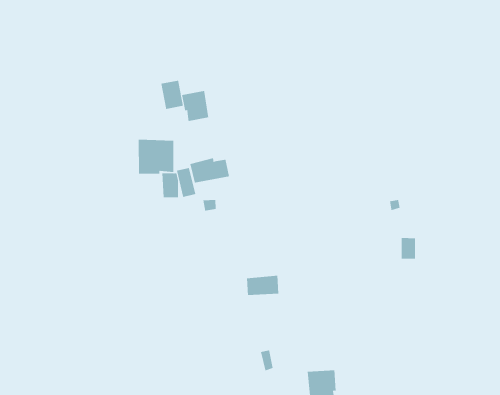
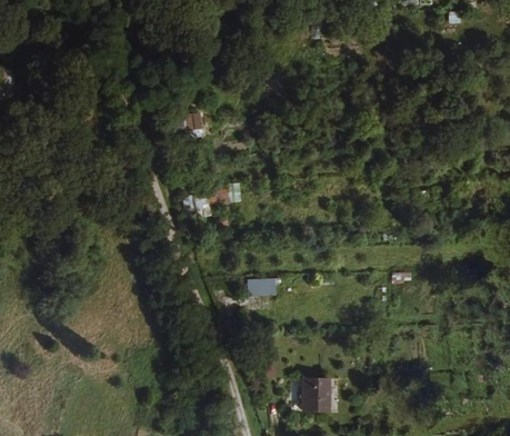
building: [182,90,209,122] -> none
building: [138,139,174,175] -> none

